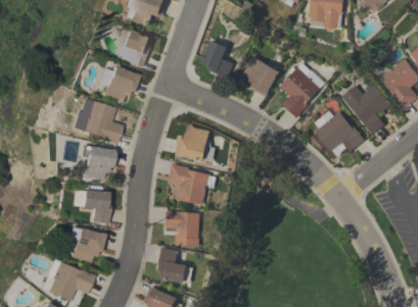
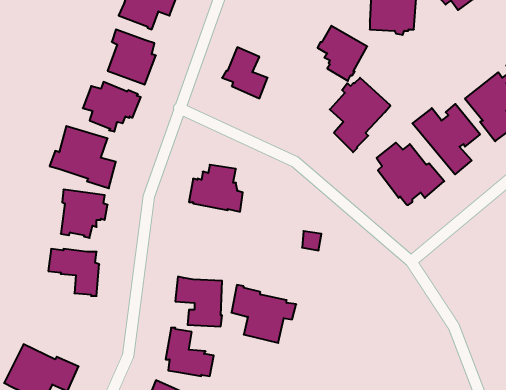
building: [243,56,280,97] -> [318,26,367,81]
building: [169,162,217,205] -> [231,285,296,343]
building: [63,226,106,263] -> none

